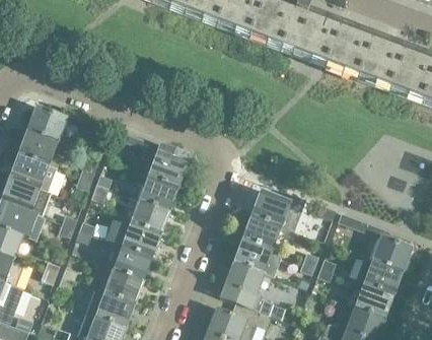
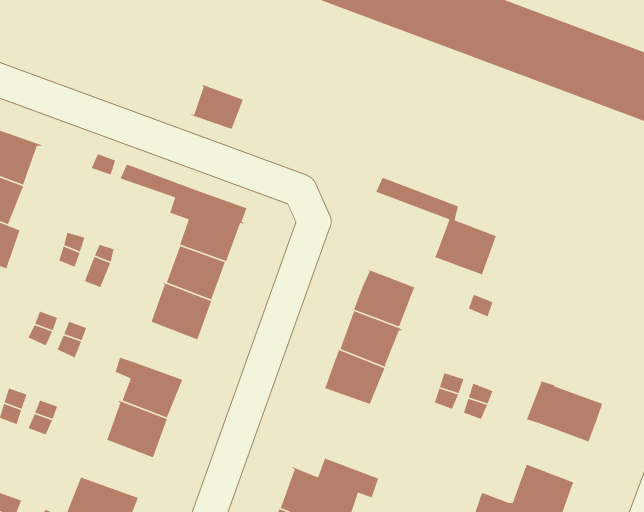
building: none -> [190,84,247,131]
building: [337,213,411,272] -> [375,177,500,276]
building: [116,221,160,258] -> none
building: [220,262,272,316] -> none
building: [353,283,393,319] -> none
building: [89,291,134,328] -> none

